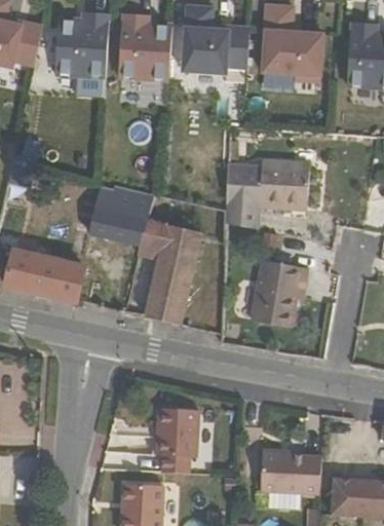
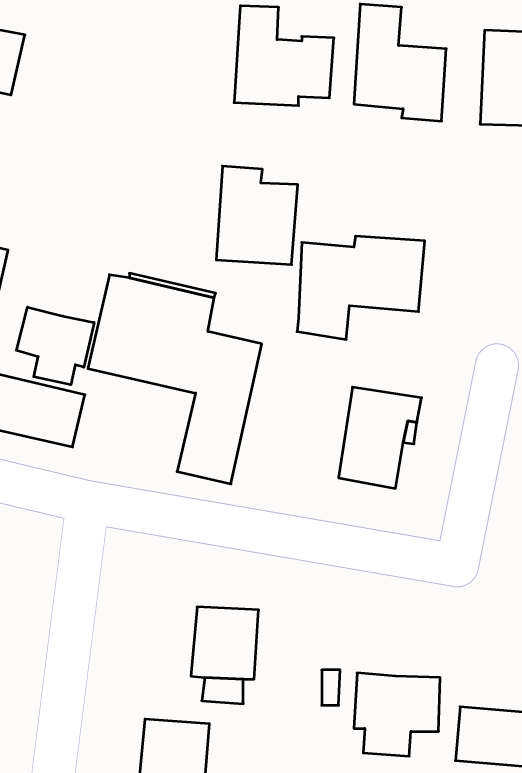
building: [54,11,110,76] -> none
building: [118,16,172,82] -> [216,166,298,265]
building: none -> [16,307,94,385]

